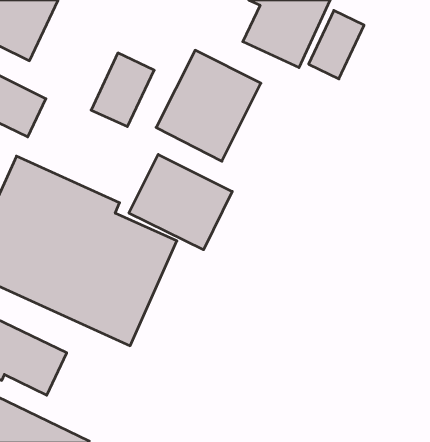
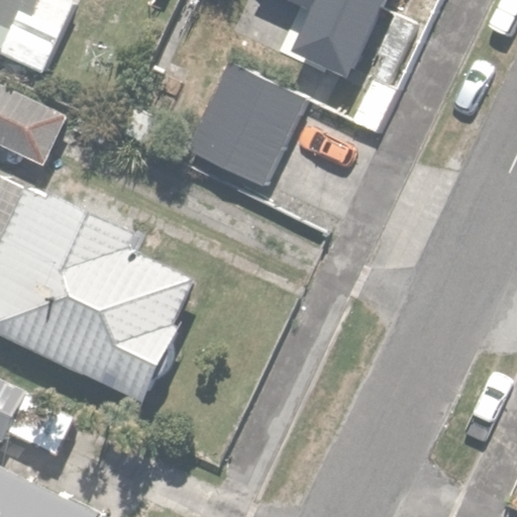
building: [129,154,232,250] -> none

